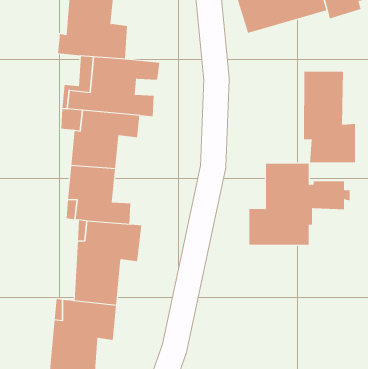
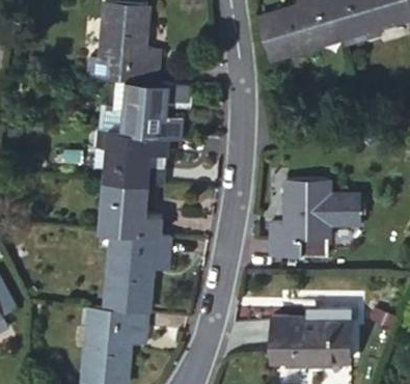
building: [304,71,356,163] -> none
building: none -> [271,307,350,360]

